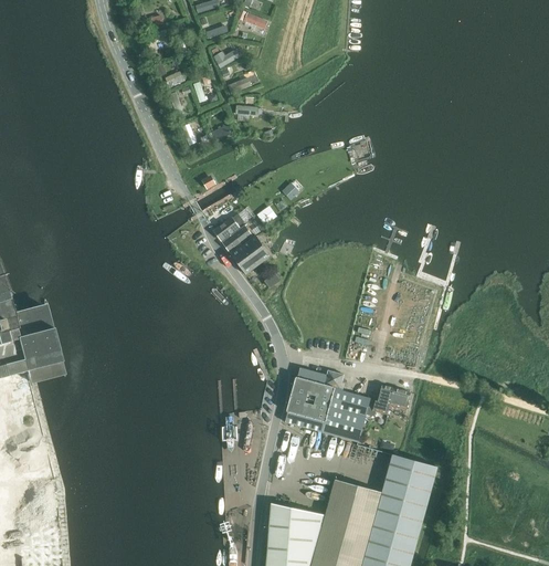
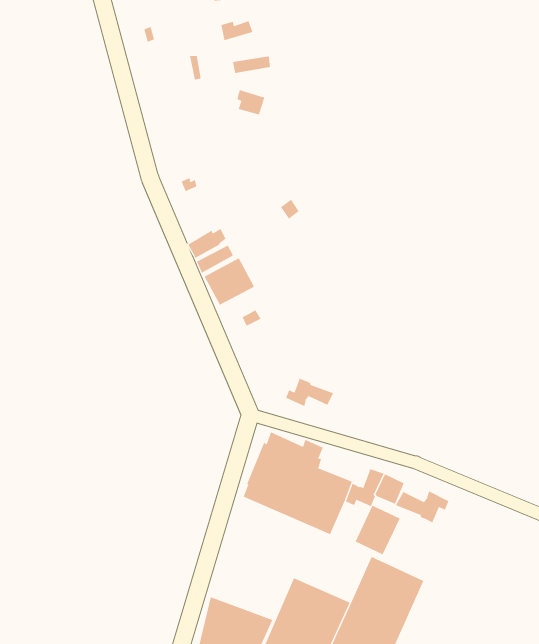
building: none -> [285,378,334,407]
building: none -> [395,490,449,523]
building: none -> [355,505,400,555]

